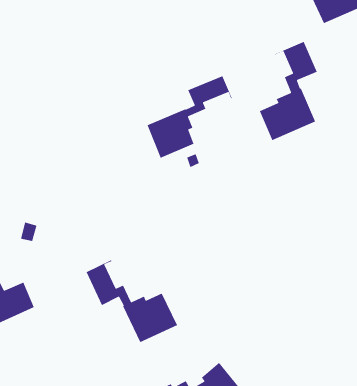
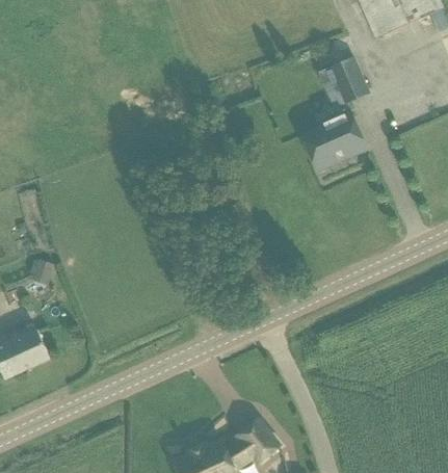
building: [146,75,233,159] -> none
building: [85,259,178,343] -> none

